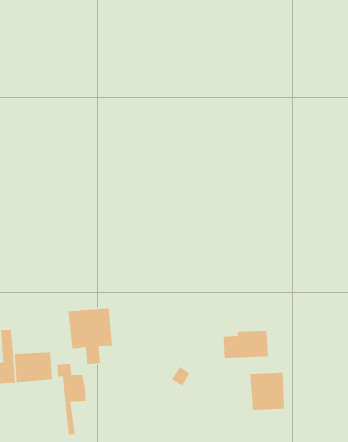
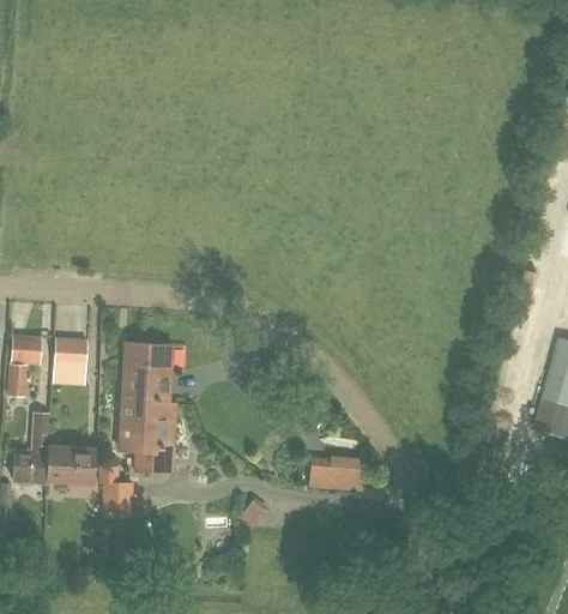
building: none -> [121,343,170,403]
building: none -> [53,339,85,366]
building: [250,372,285,411] -> none

